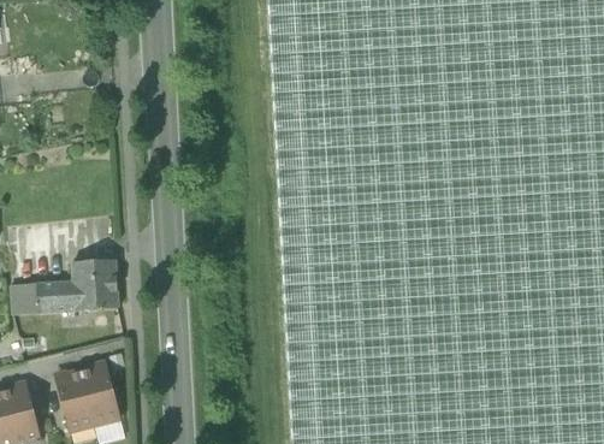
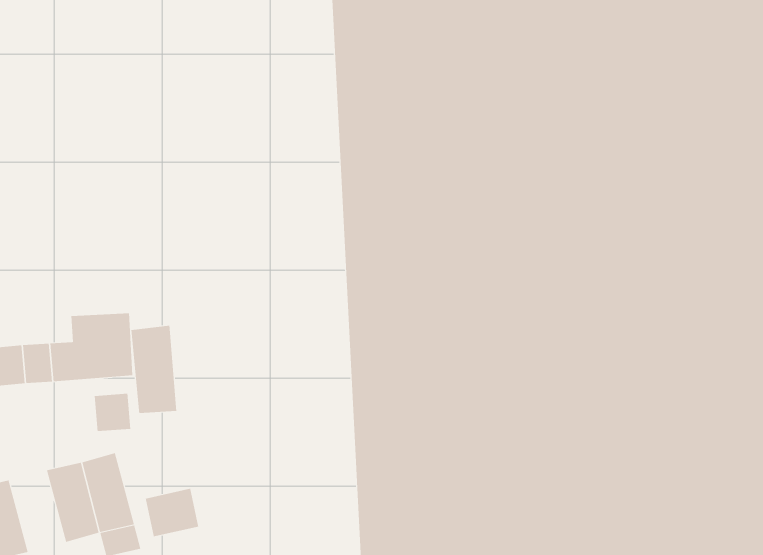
building: none -> [131,325,177,414]
building: none -> [94,393,131,432]
building: none -> [145,488,199,537]

